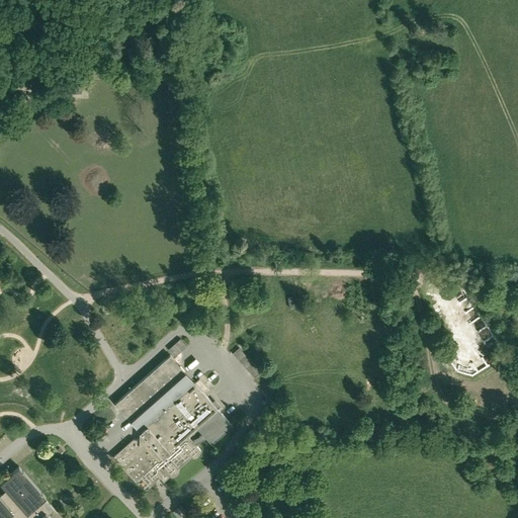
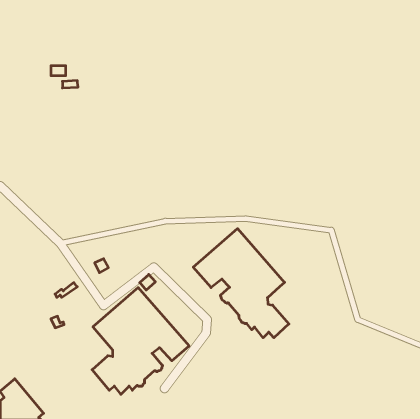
building: none -> [193,229,289,338]

